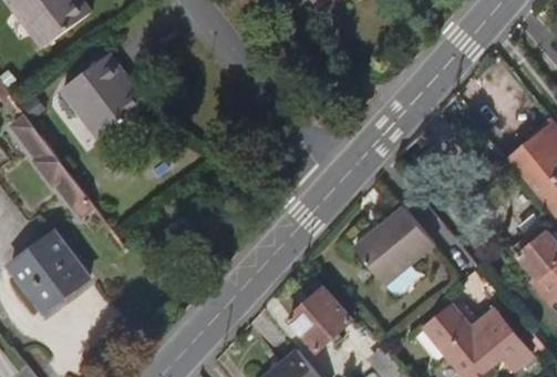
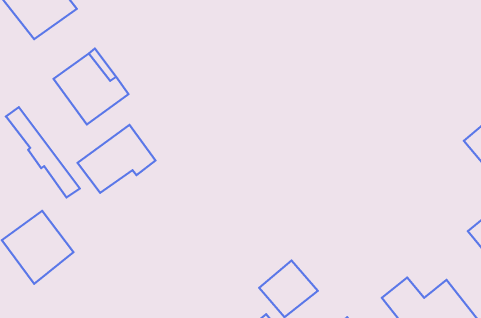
building: none -> [77,125,156,193]
building: [357,206,433,282] -> none

